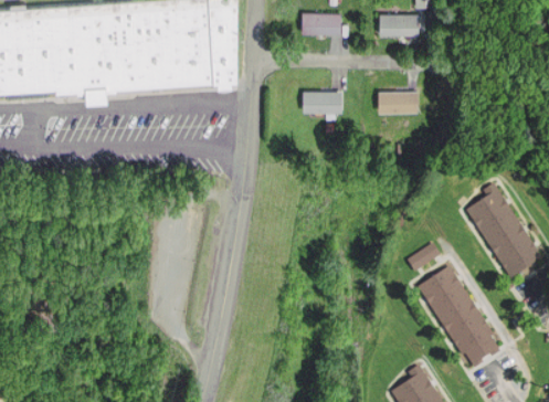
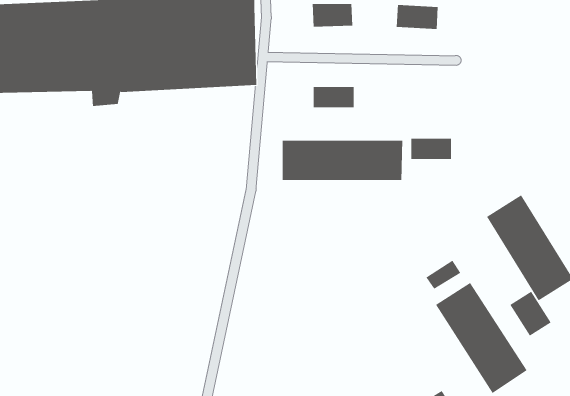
building: [380,91,419,110] -> [410,138,452,159]
building: none -> [282,140,403,181]
building: none -> [510,291,552,337]

